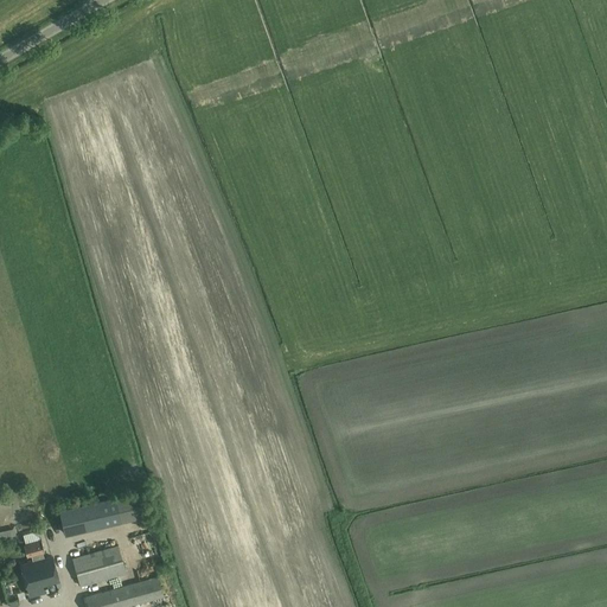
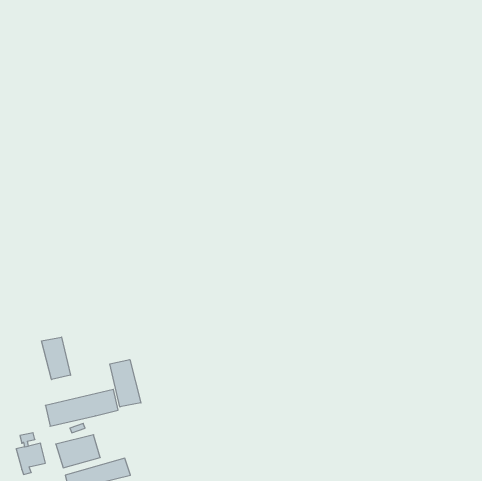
building: none -> [42,337,71,380]
building: none -> [110,360,141,407]

